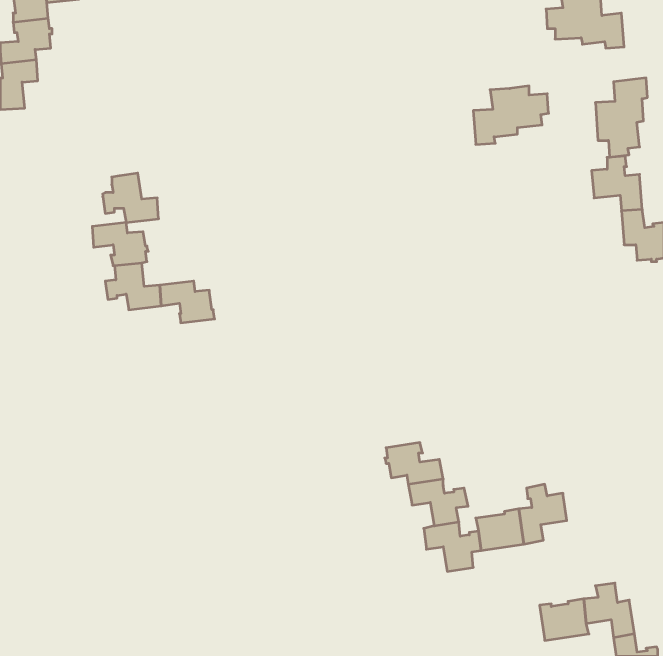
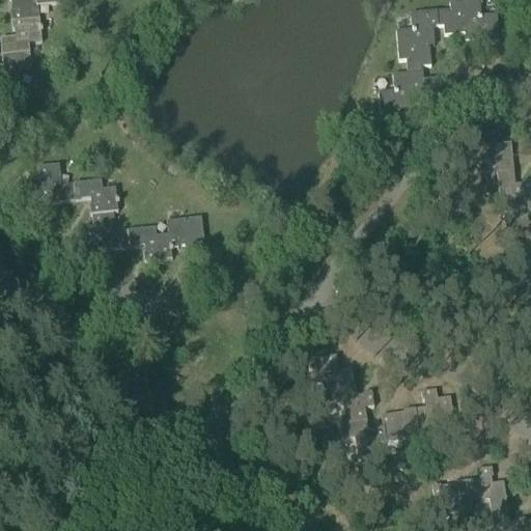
building: [595,78,647,157] -> [396,7,438,71]
building: [103,173,159,223] -> [31,161,76,200]
building: none -> [167,214,204,247]

